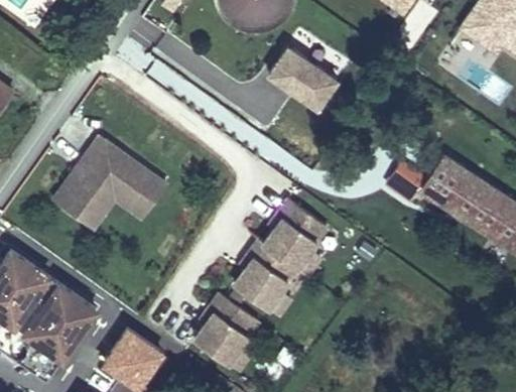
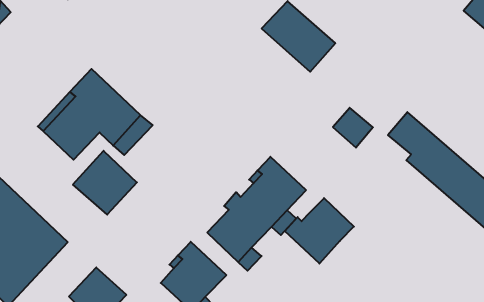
building: [385,164,424,203] -> [333,108,373,148]
building: none -> [73,151,137,215]
building: none -> [285,198,354,264]

